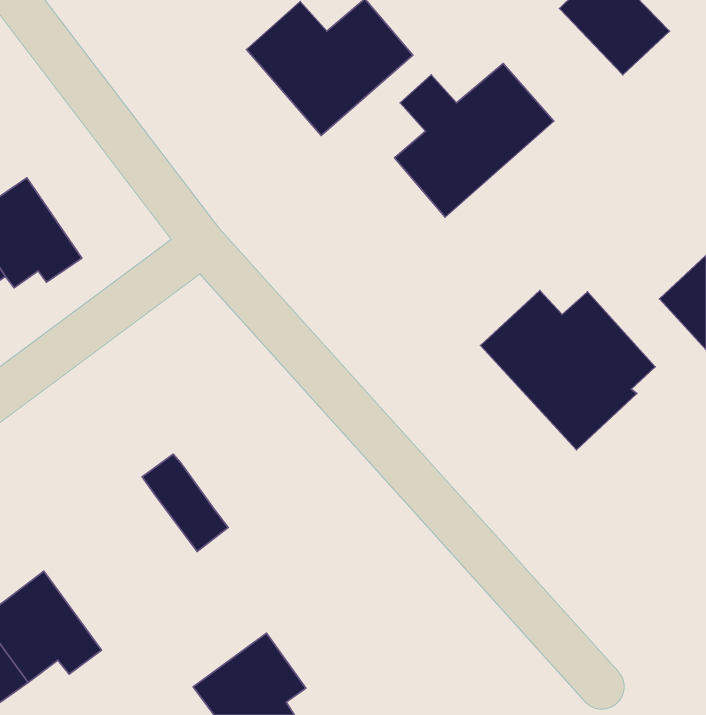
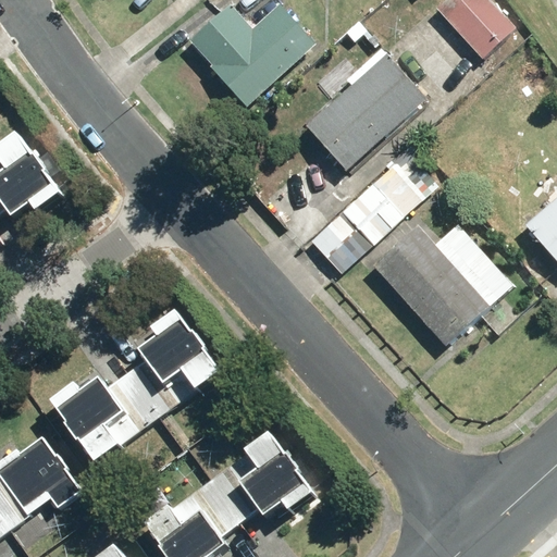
building: none -> [309,140,444,273]
building: none -> [139,318,223,398]
building: none -> [53,382,152,469]
building: none -> [206,438,320,531]

